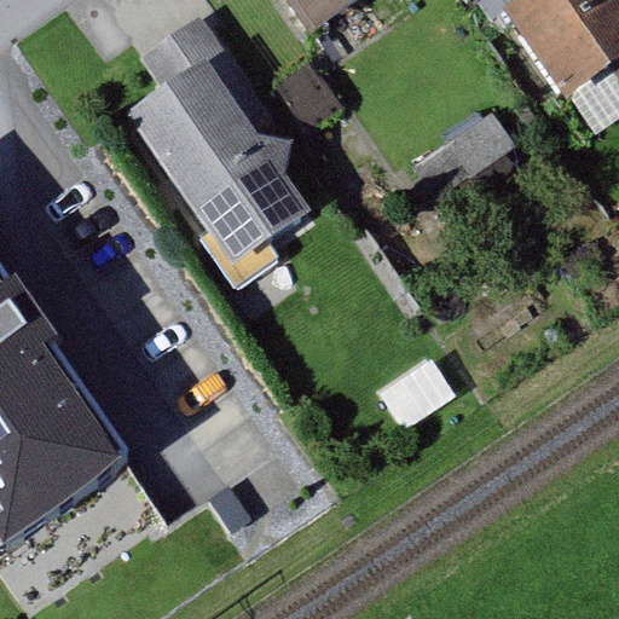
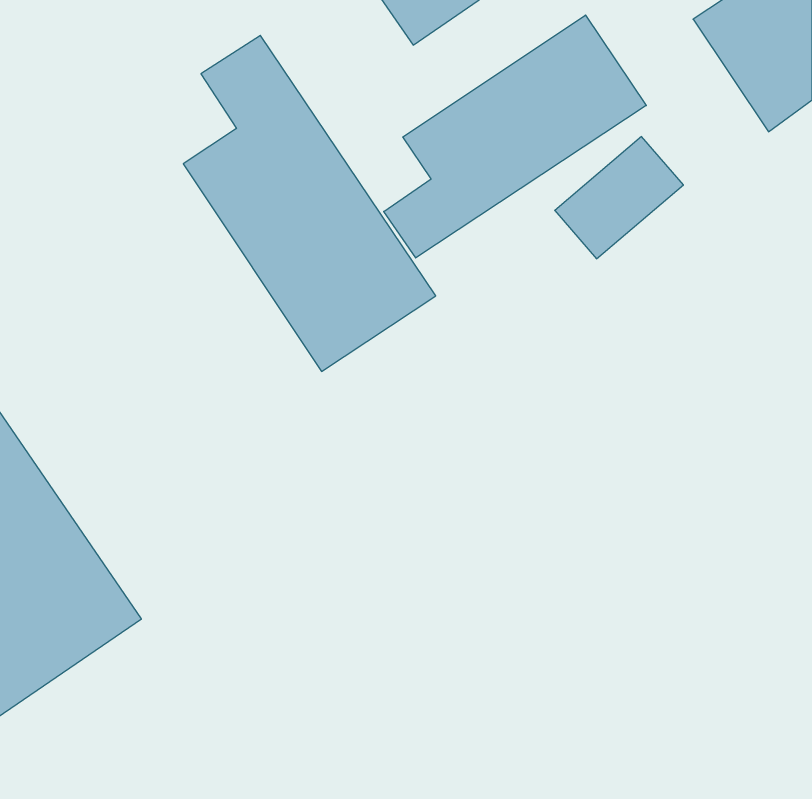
building: none -> [384,15,646,258]

